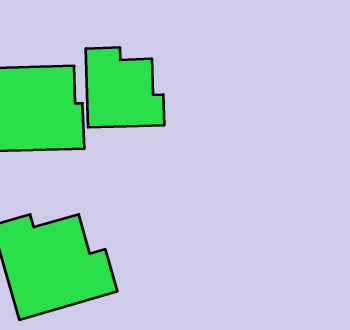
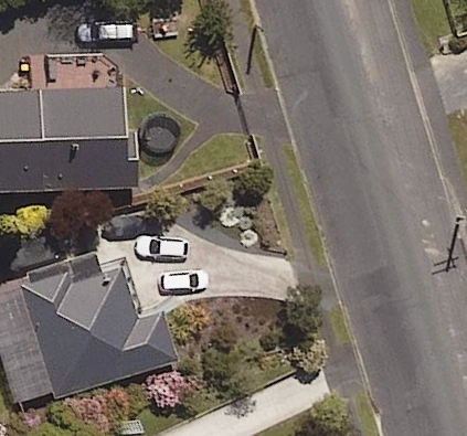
building: [86,47,164,127] -> none

